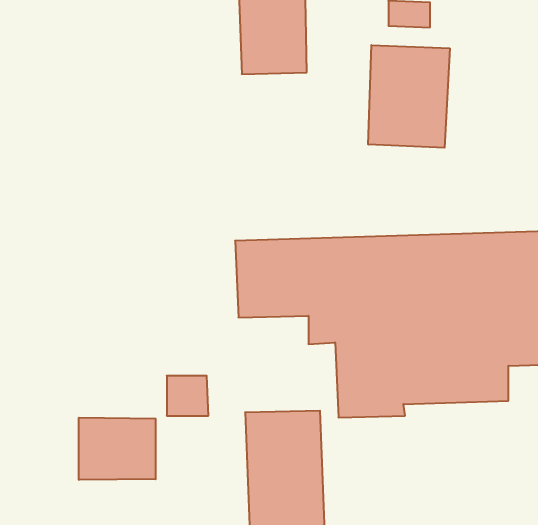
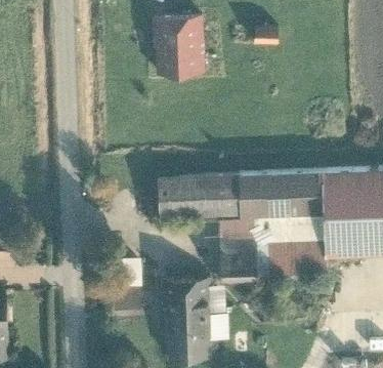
building: [368,45,450,148] -> none
building: [79,418,156,480] -> none

